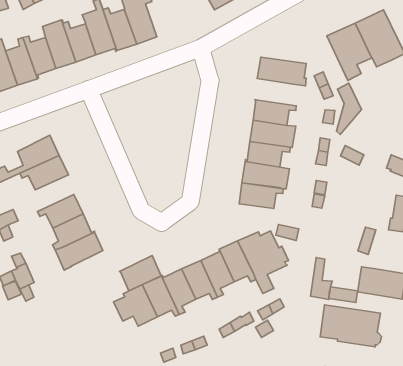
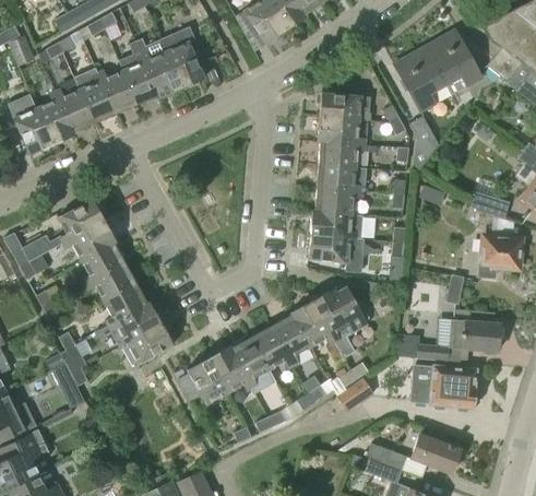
building: none -> [318,117,366,144]
building: none -> [80,240,123,284]
building: [120,256,161,291] -> [126,322,172,364]

